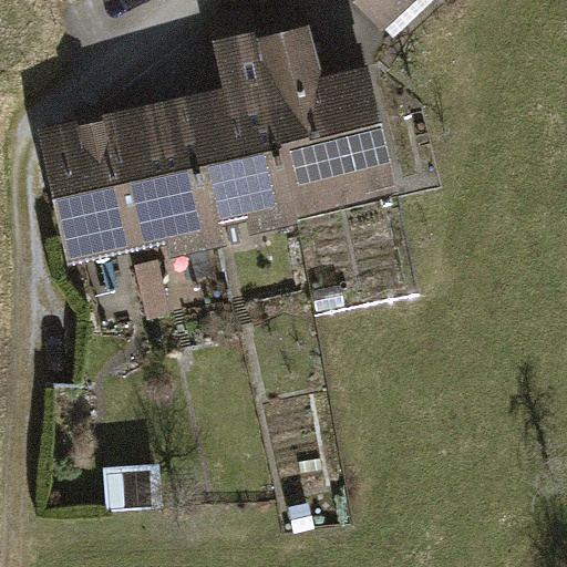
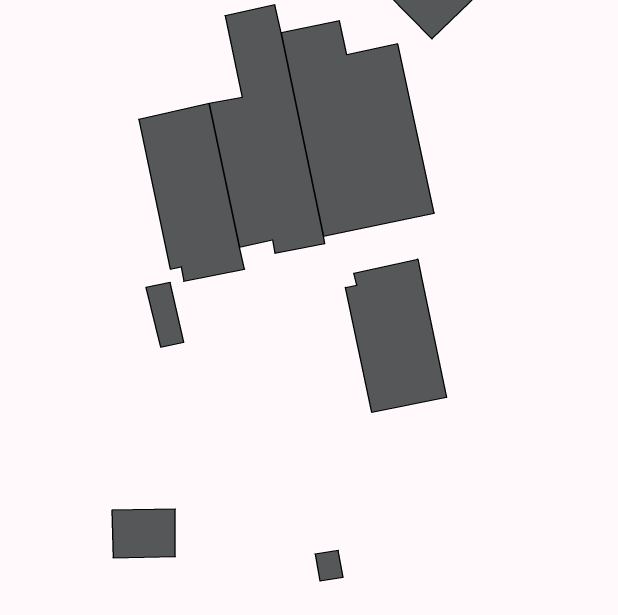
building: [38,109,155,264] -> none
building: none -> [345,259,447,412]

